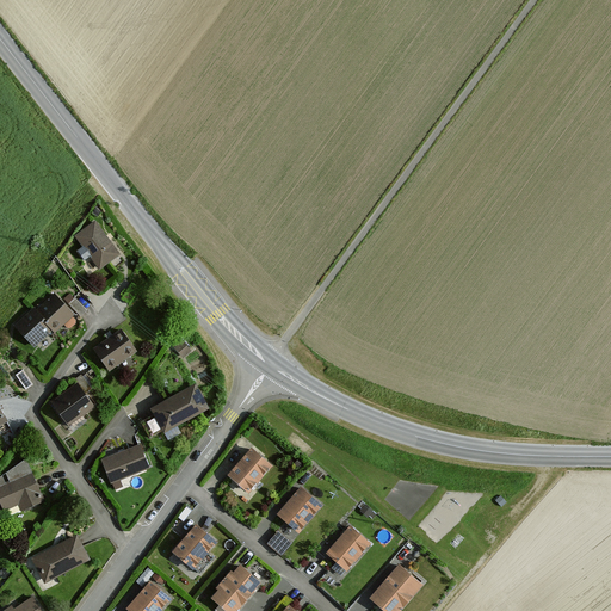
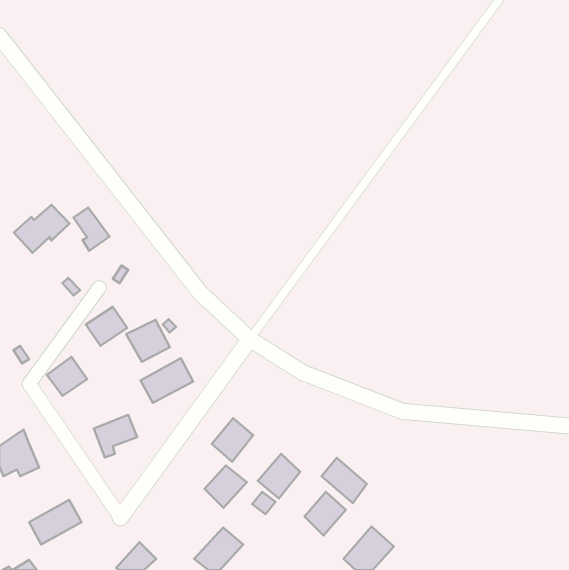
building: [13,294,73,345] -> [14,205,69,253]
building: none -> [126,320,170,362]
building: none -> [321,458,367,503]
building: [172,525,217,570] -> [204,466,247,508]

